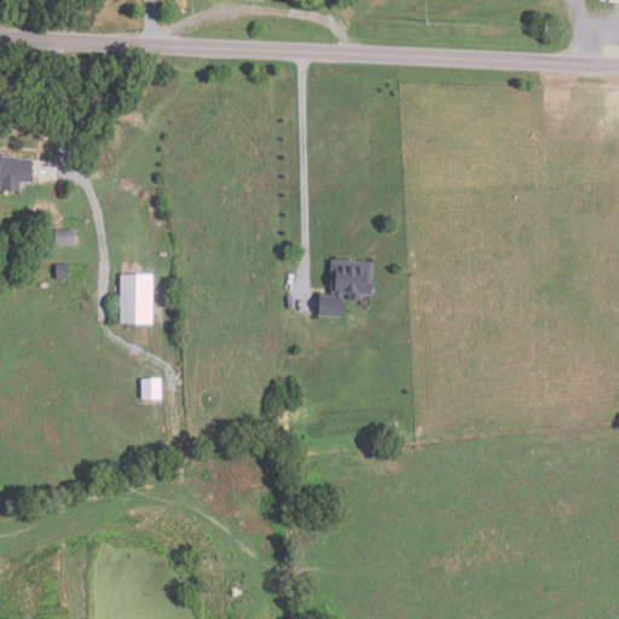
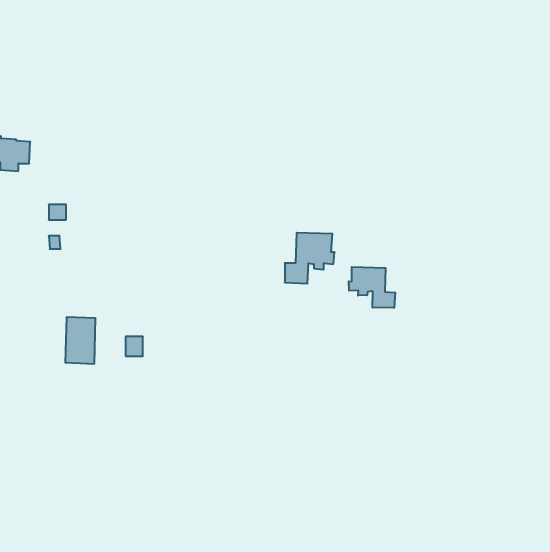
building: [118,273,152,325] -> [65,317,96,364]
building: none -> [349,267,395,308]

